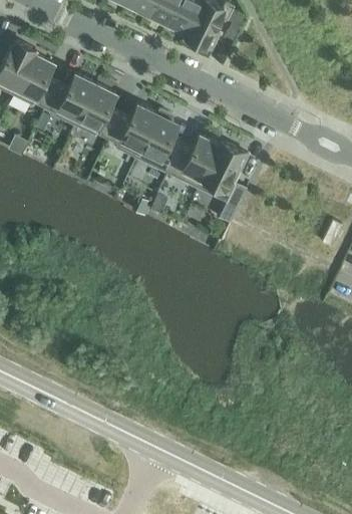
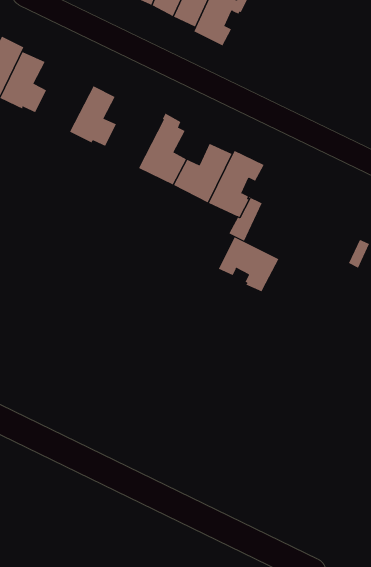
building: [46,74,97,125] -> none
building: [108,104,159,158] -> none
building: none -> [218,237,279,292]

